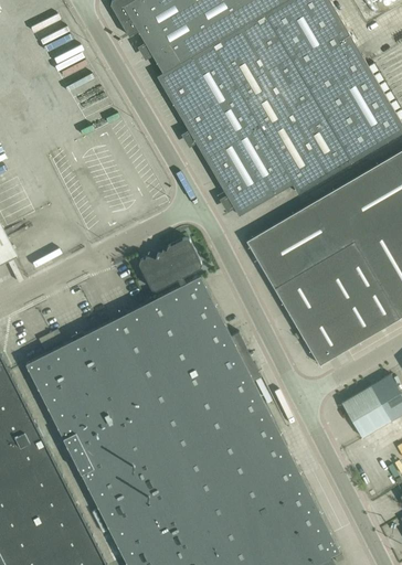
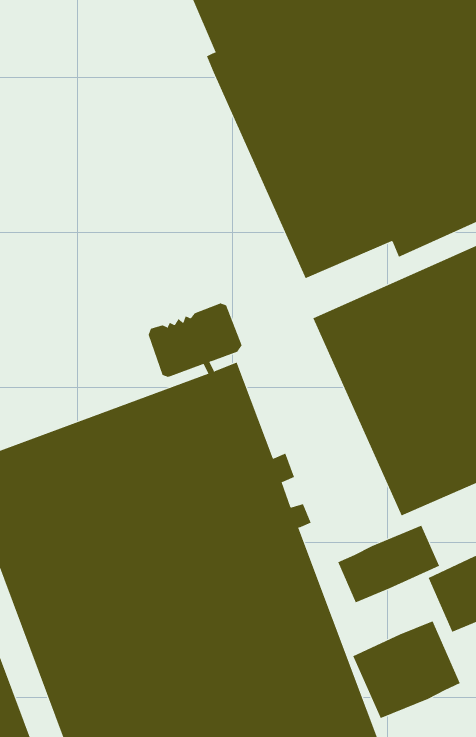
building: none -> [337,525,440,603]
building: none -> [353,620,461,719]

